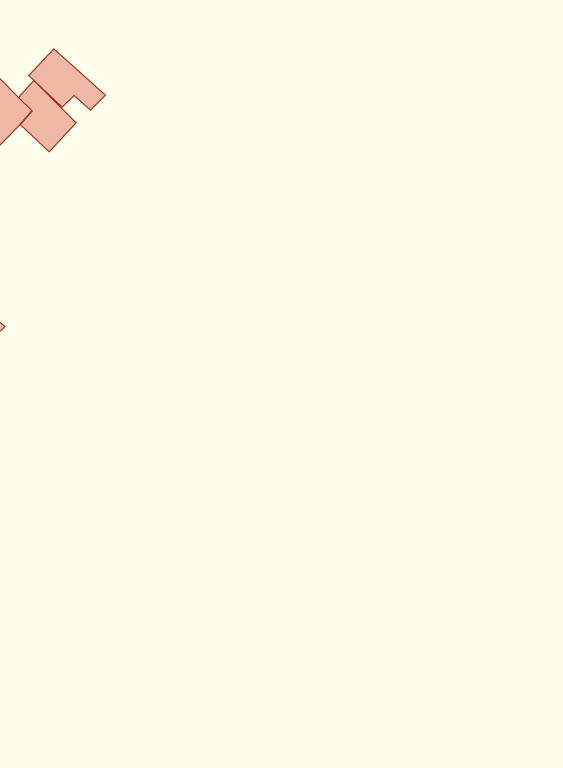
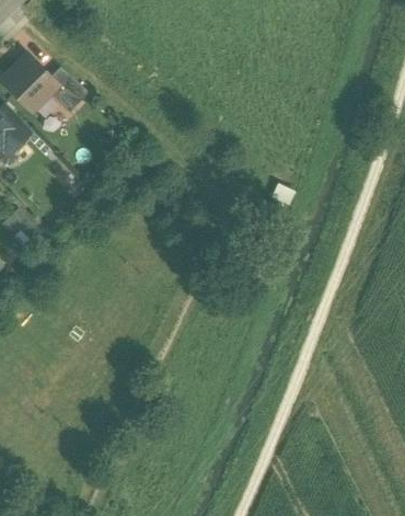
building: [29,49,105,110] -> none

